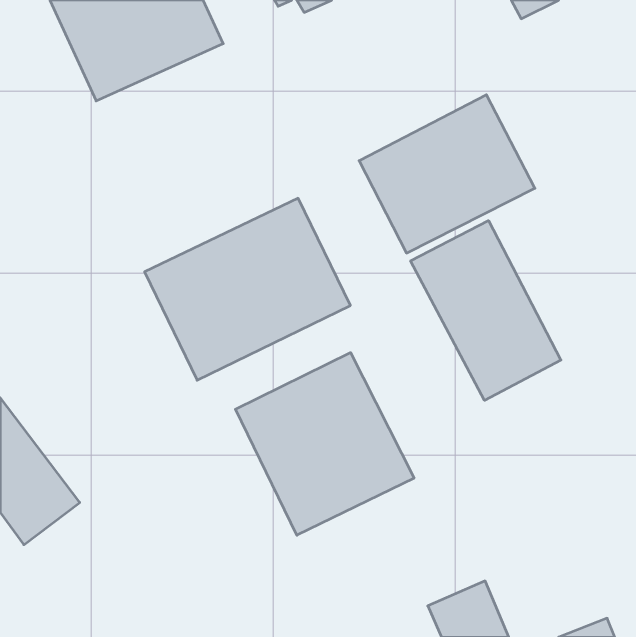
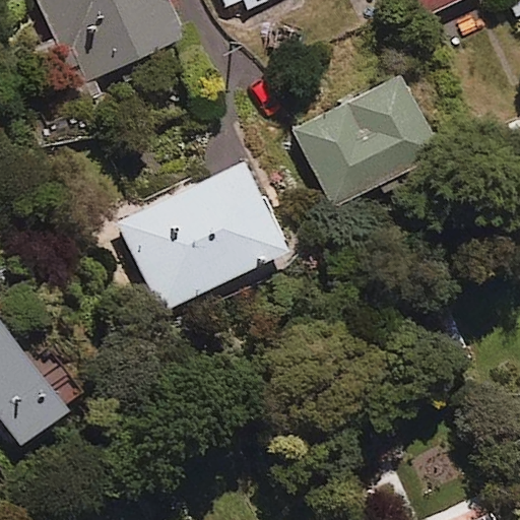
building: [411,221,561,400] -> none
building: [235,353,414,535] -> none

